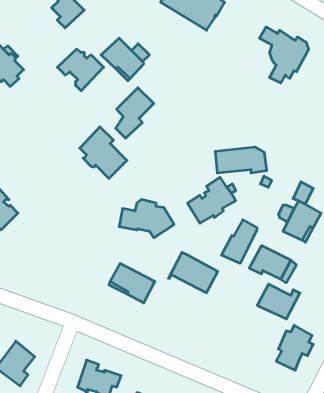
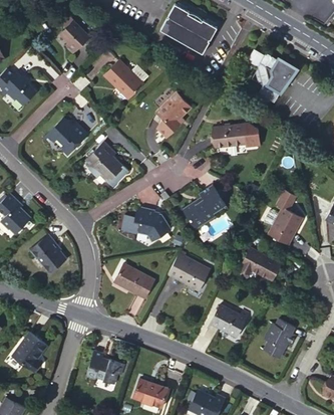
building: [57,49,104,91] -> [48,118,89,155]
building: [116,88,154,138] -> [157,92,192,138]
building: [215,147,267,173] -> [215,124,261,147]
building: [221,220,257,263] -> none
building: none -> [30,234,66,271]
building: [257,284,300,319] -> [211,304,249,336]

